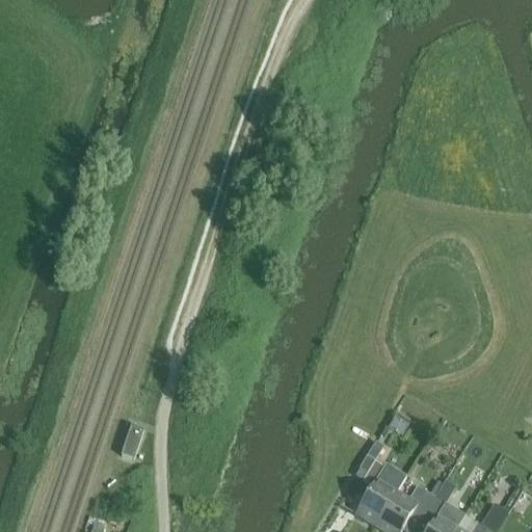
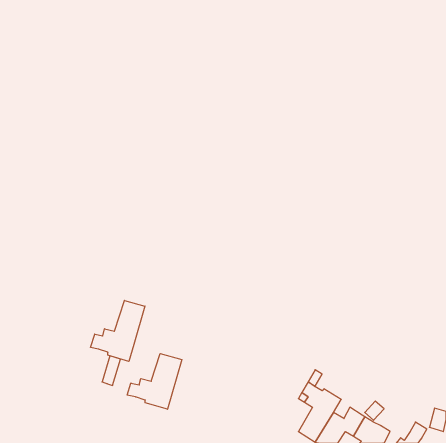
building: none -> [91,300,145,361]
building: none -> [127,354,182,409]

